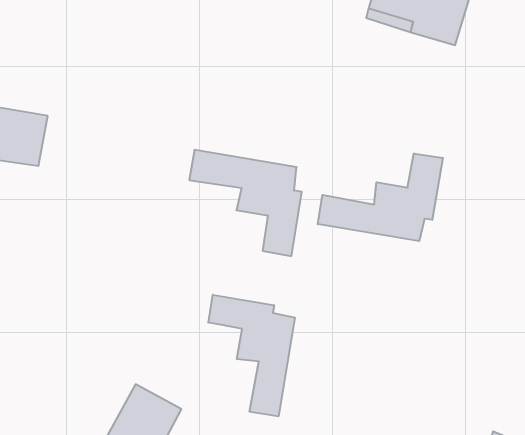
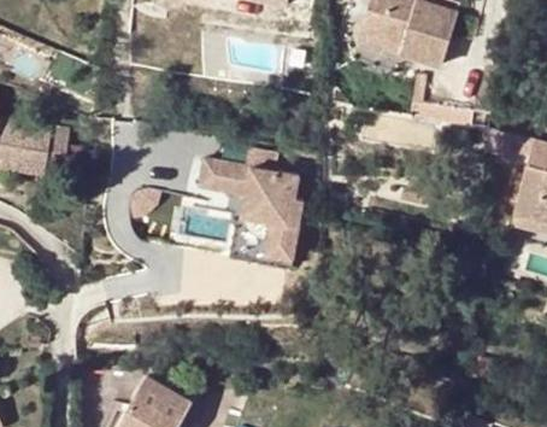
building: [318,153,443,241] -> none
building: [208,295,295,416] -> none

